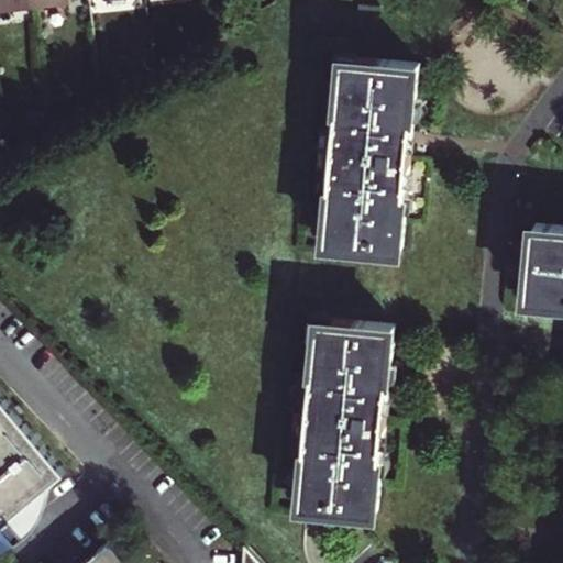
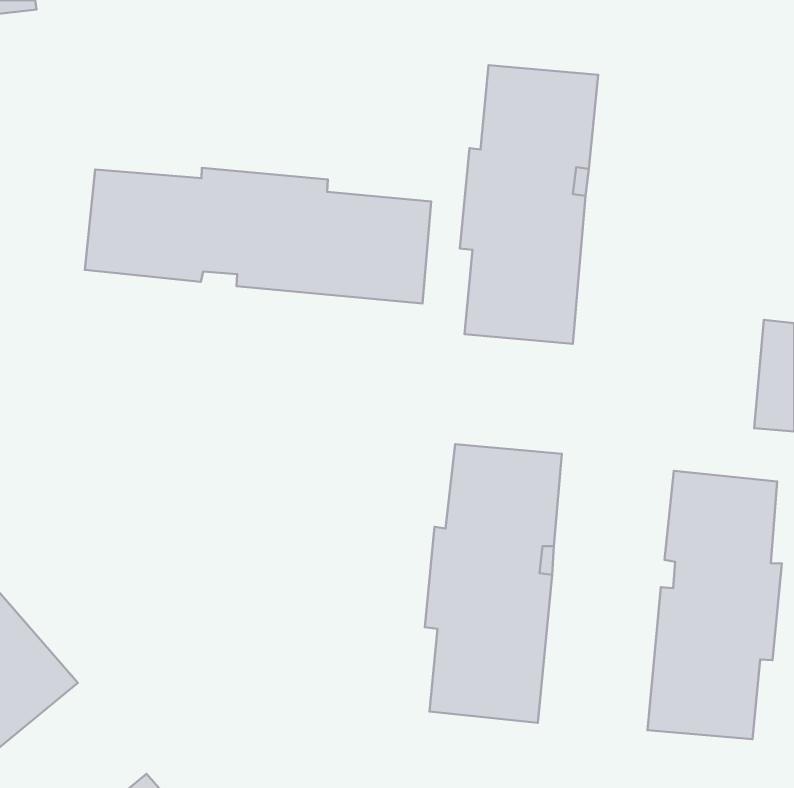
building: none -> [85,168,431,304]
building: none -> [647,471,782,739]

